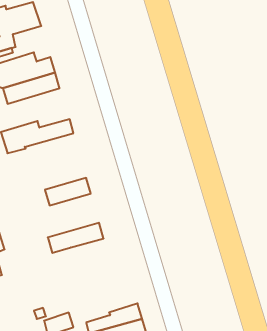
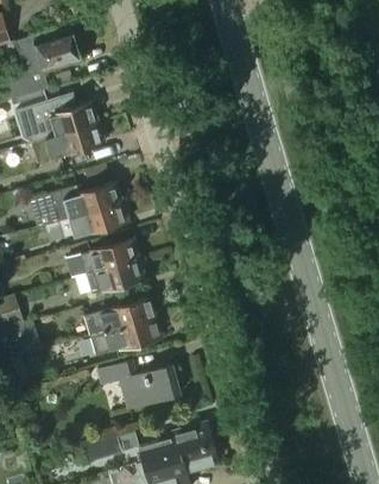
building: none -> [59,201,128,238]
building: none -> [80,239,139,275]
building: none -> [84,297,156,337]
building: none -> [97,360,179,409]

